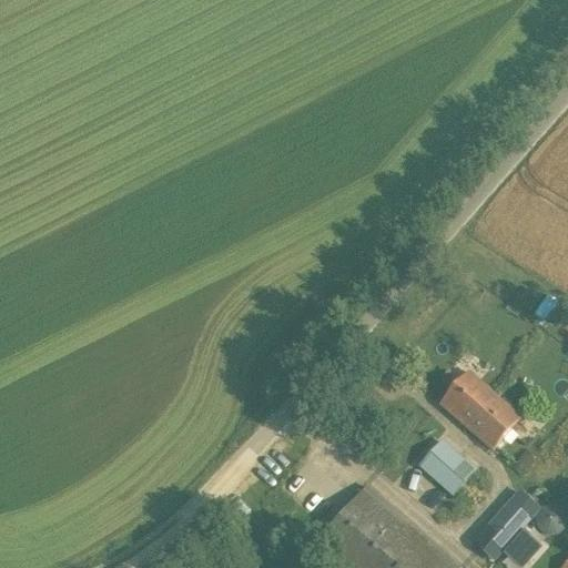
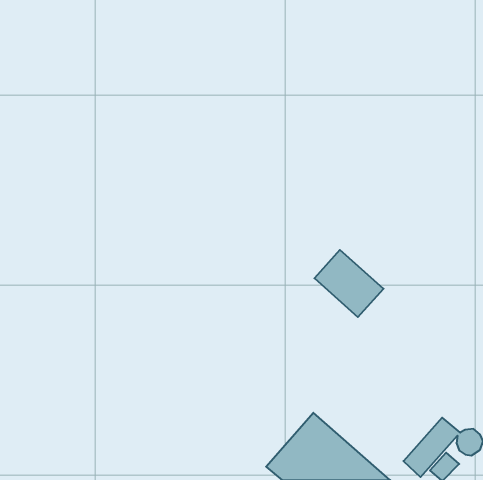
building: [439,371,520,449] -> [314,250,384,317]
building: [417,438,480,495] -> none

